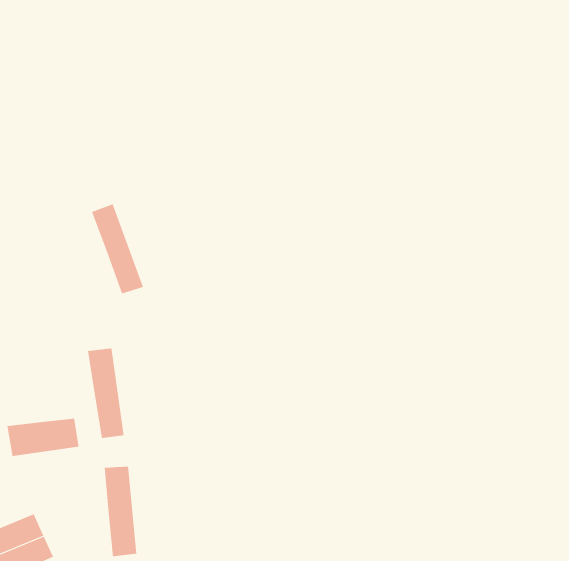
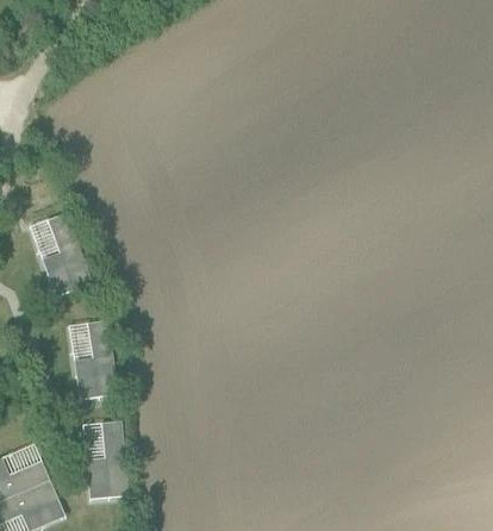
building: [91,204,144,294] -> [40,211,86,288]
building: [7,418,79,457] -> none

